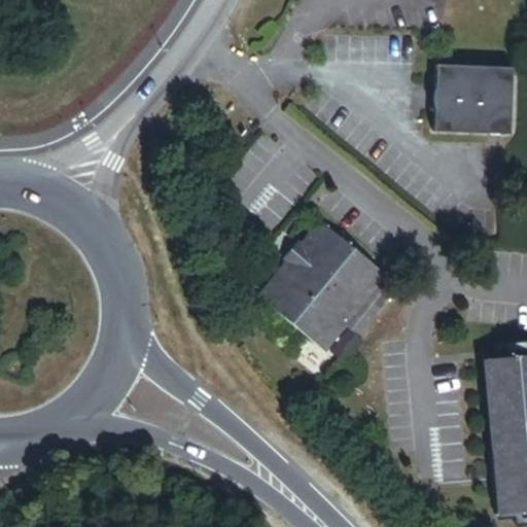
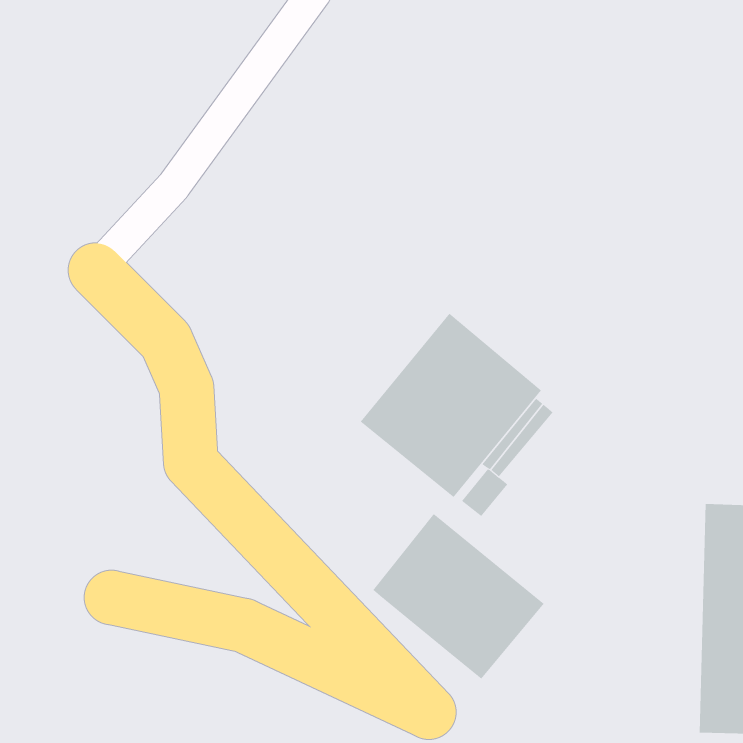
building: [431,63,510,133] -> none
building: none -> [372,513,545,680]

